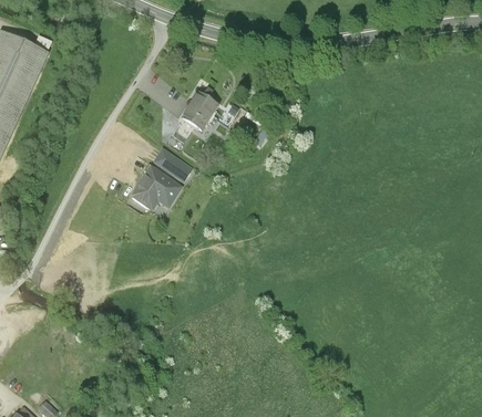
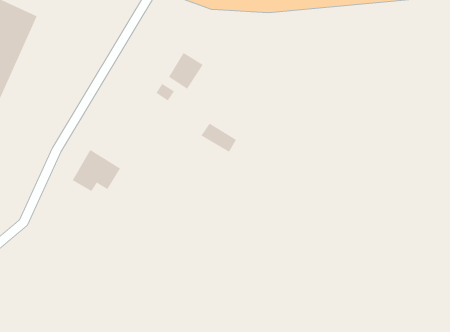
building: [154,149,192,180] -> [201,123,237,153]
building: [131,166,182,210] -> [72,149,121,192]

